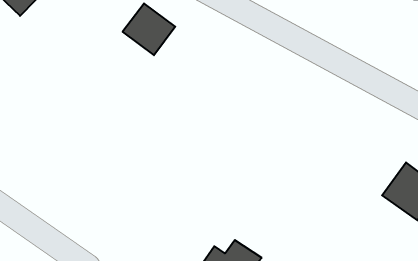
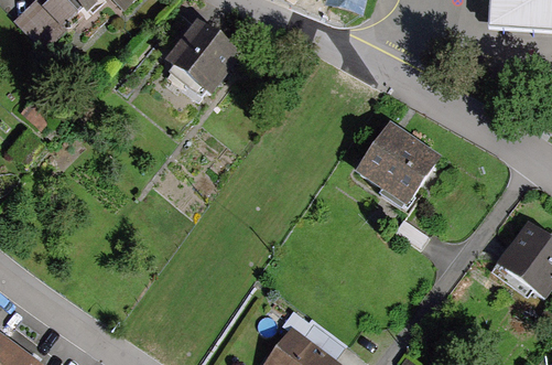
building: none -> [356,129,429,200]

